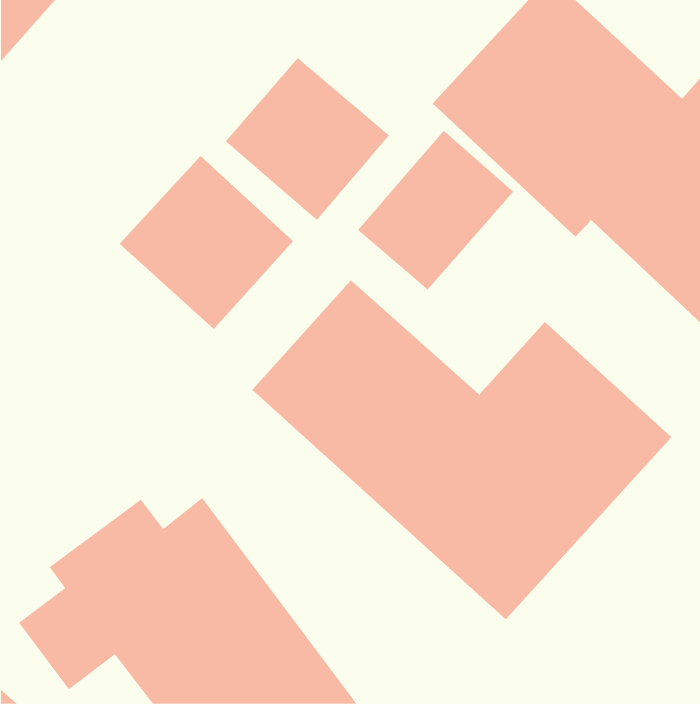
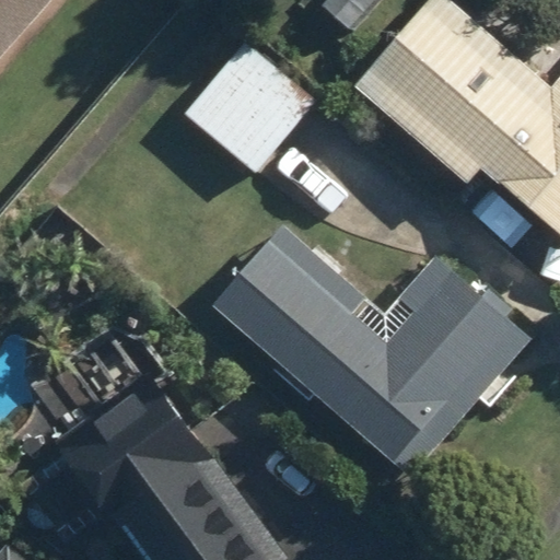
building: [357,130,514,291] -> none
building: [119,155,294,330] -> none

